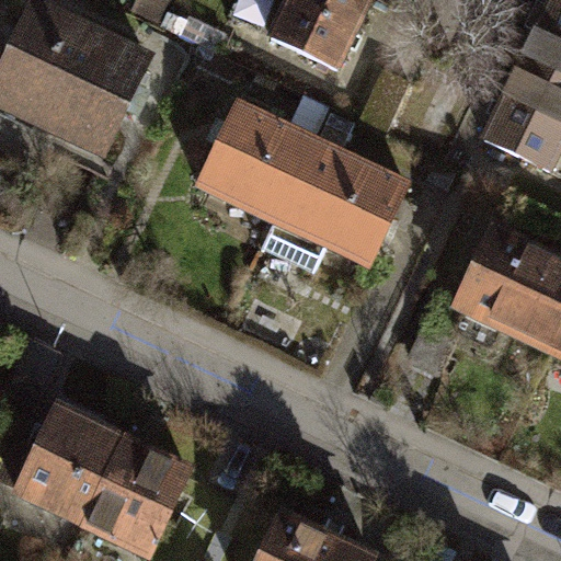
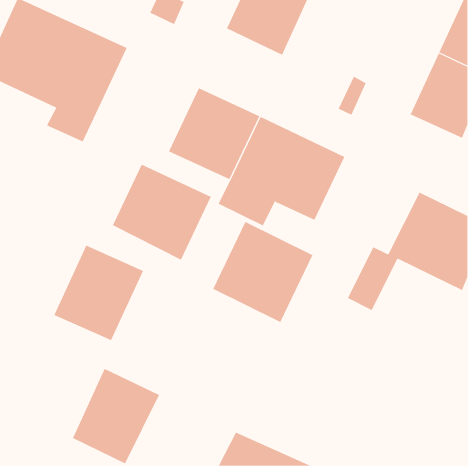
building: none -> [112,164,212,260]
building: none -> [213,221,313,323]
building: [16,407,124,520] -> [53,245,144,341]

